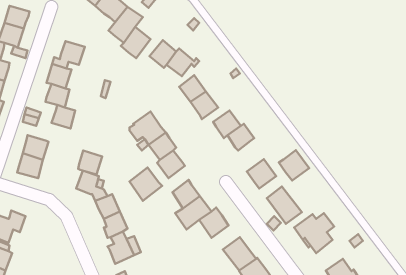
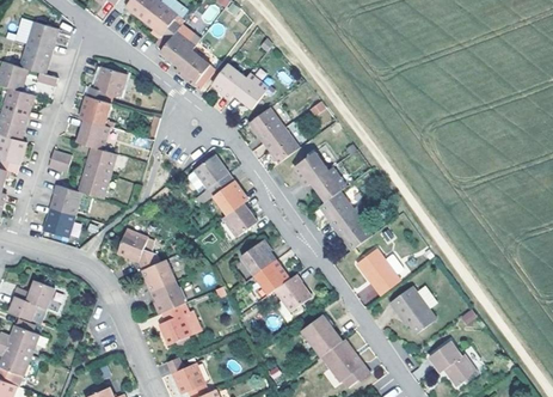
building: [279,150,309,181] -> [315,191,354,230]
building: [78,151,102,174] -> [81,169,111,198]
building: [129,167,162,201] -> none

